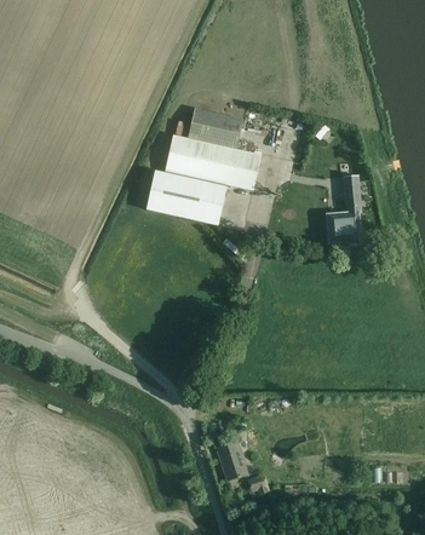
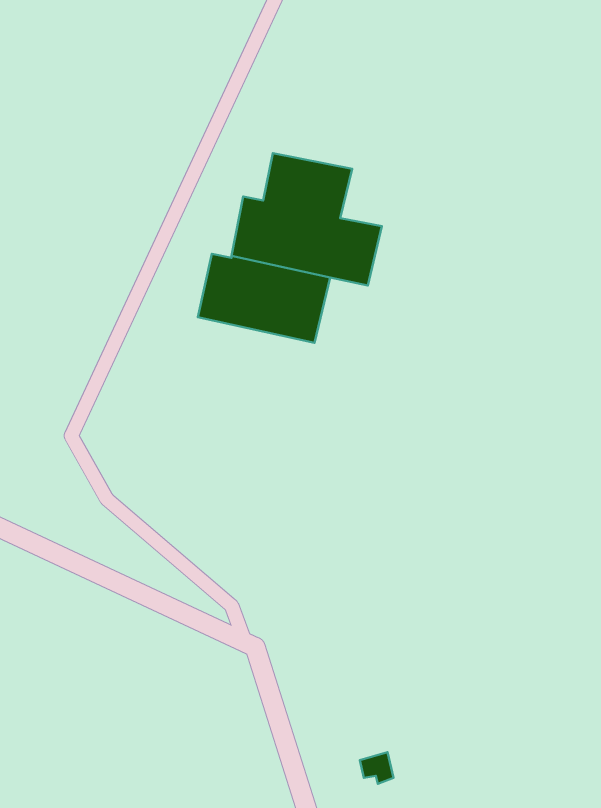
building: [326,174,361,243] -> none
building: [216,439,247,479] -> none

